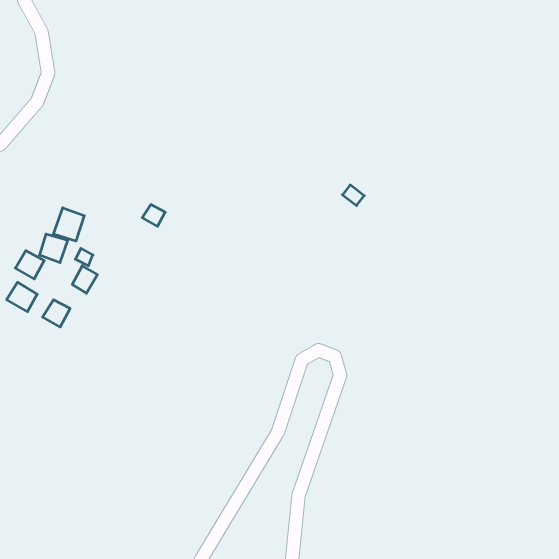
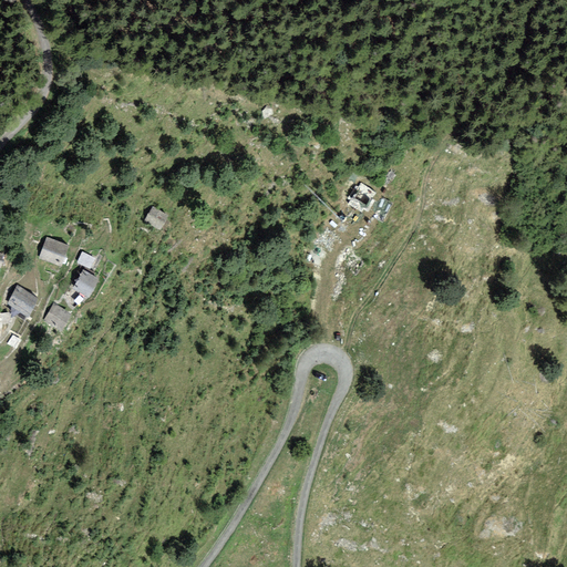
building: [53,208,84,241] -> none
building: [15,251,44,279] -> none

